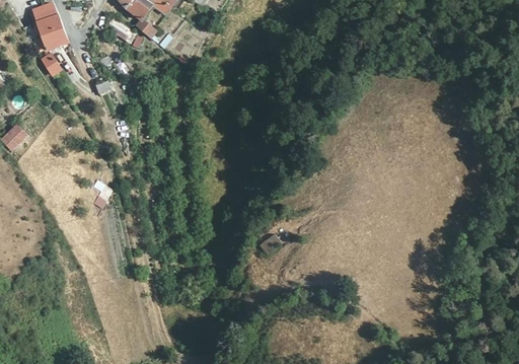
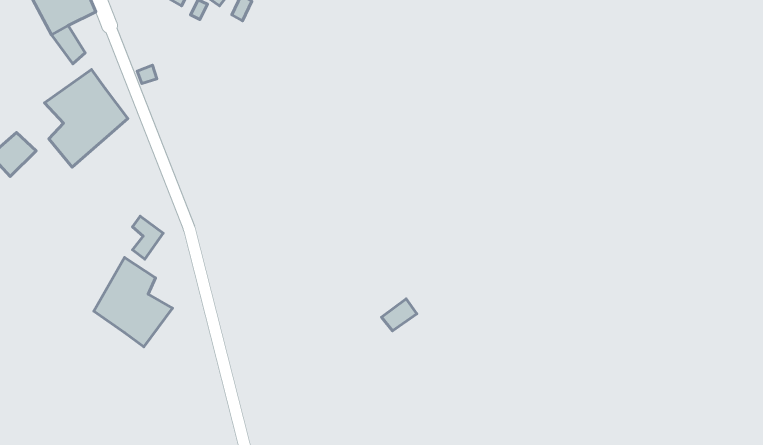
building: none -> [45,69,128,167]
building: none -> [94,258,172,347]

